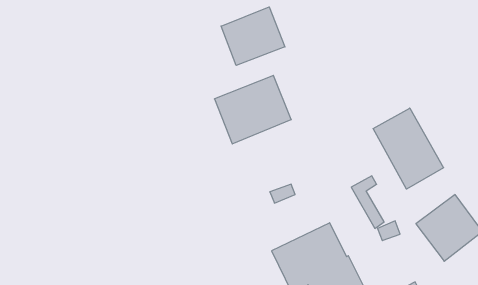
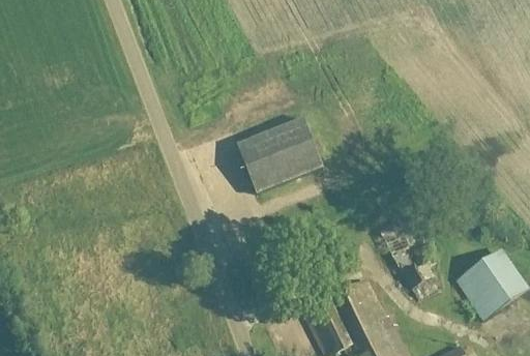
building: [221,7,285,65] -> none
building: [373,108,444,189] -> none

